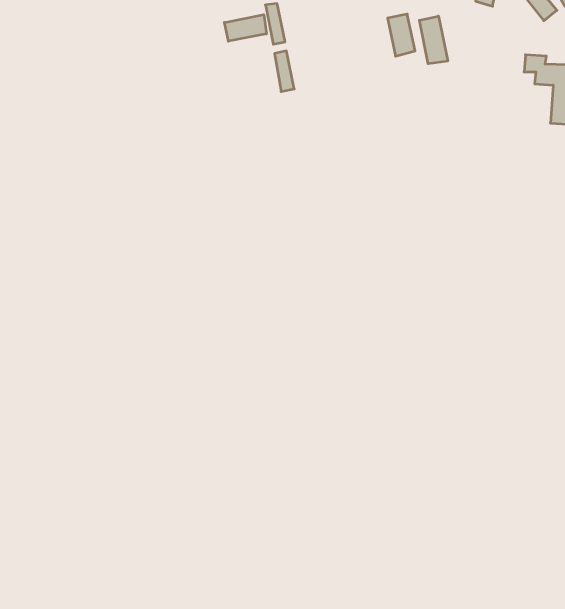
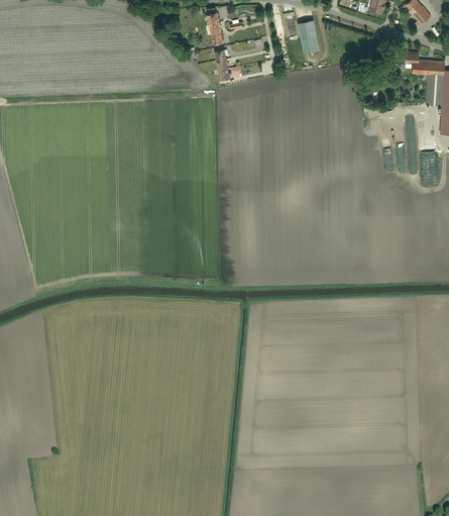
building: [224,15,266,41] -> none
building: [419,16,448,64] -> none

